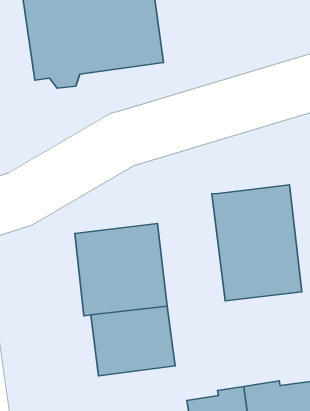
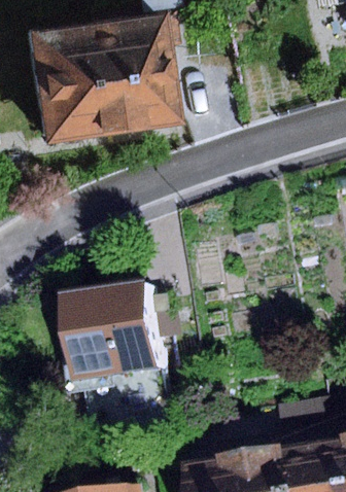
building: [212,185,302,301] -> none

